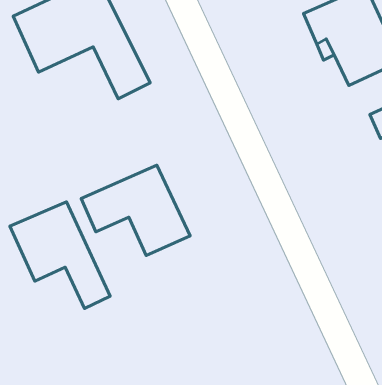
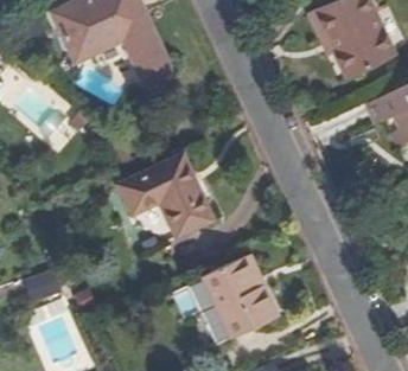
building: [10,202,110,309] -> none
building: none -> [203,254,279,338]

